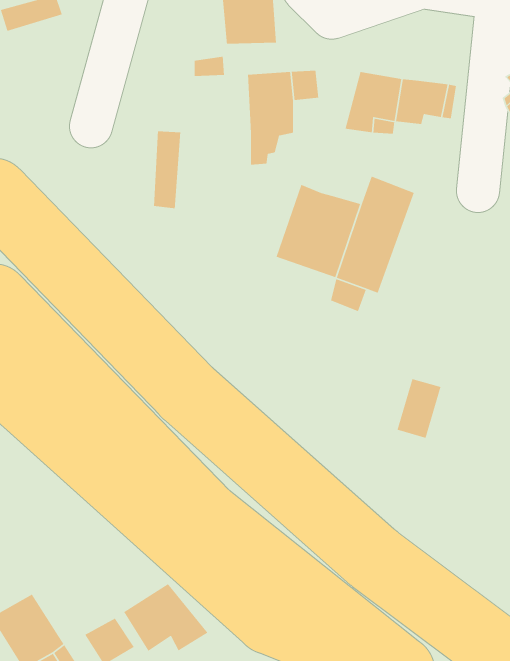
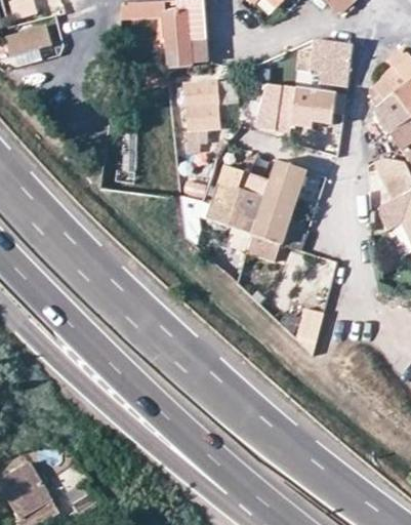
building: none -> [296,40,351,86]
building: [123,583,208,652] -> none

